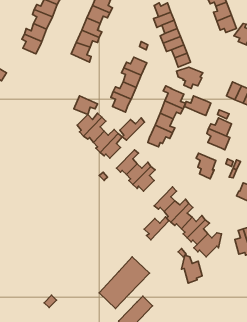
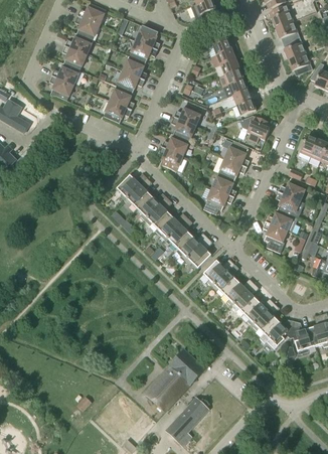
building: [74,96,98,115] -> [103,100,132,123]
building: [184,96,211,116] -> [266,208,298,233]
building: [120,118,144,140] -> [157,212,187,240]
building: [144,217,169,240] -> [203,258,233,286]
building: [182,255,202,283] -> [290,320,315,354]

